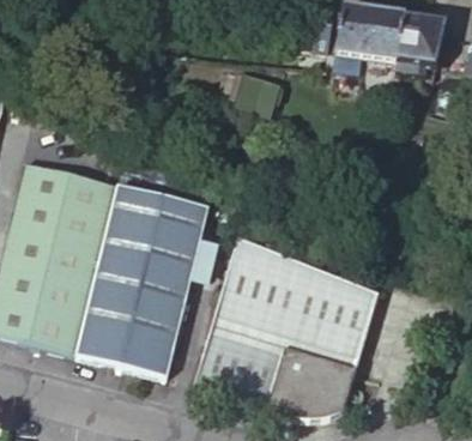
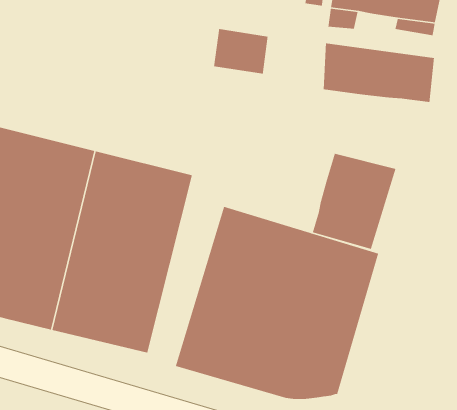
building: none -> [323,43,435,103]
building: none -> [312,153,396,250]

